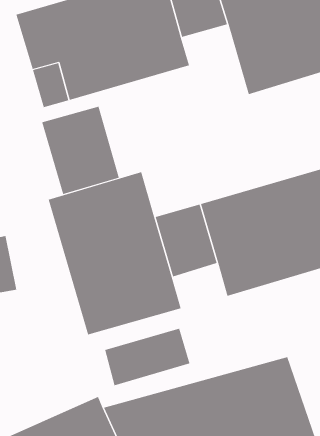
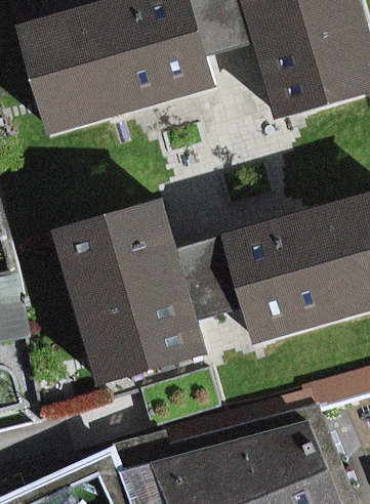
building: [42,106,119,195] -> none
building: [104,328,190,386] -> none

